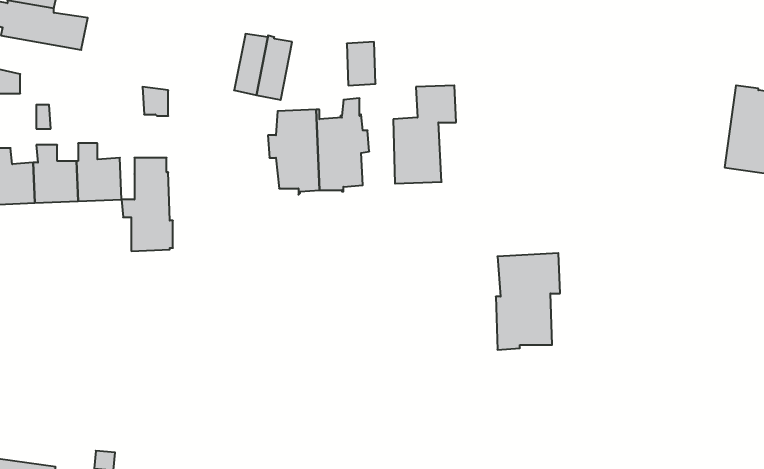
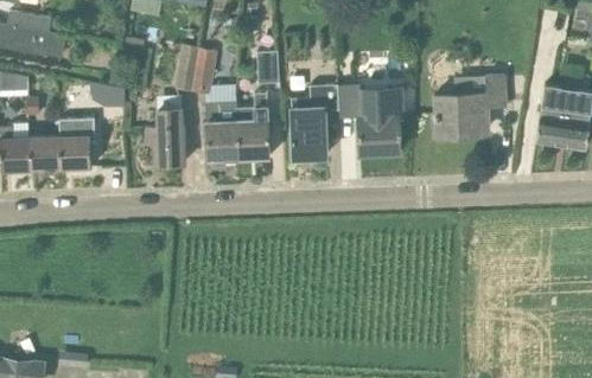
building: none -> [435,77,505,135]
building: [122,158,173,251] -> [148,95,186,164]
building: [496,253,560,350] -> [358,82,406,153]

